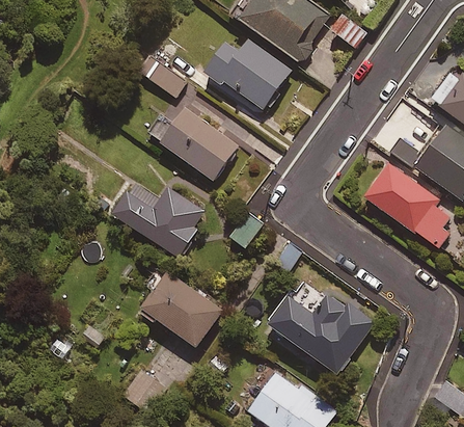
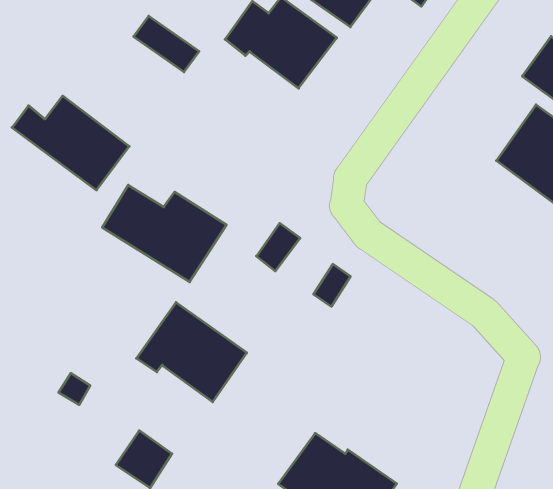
building: [147,108,237,180] -> [12,96,129,190]
building: [365,163,448,247] -> none
building: [269,294,375,374] -> none

